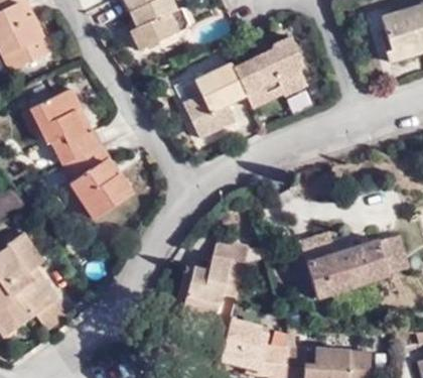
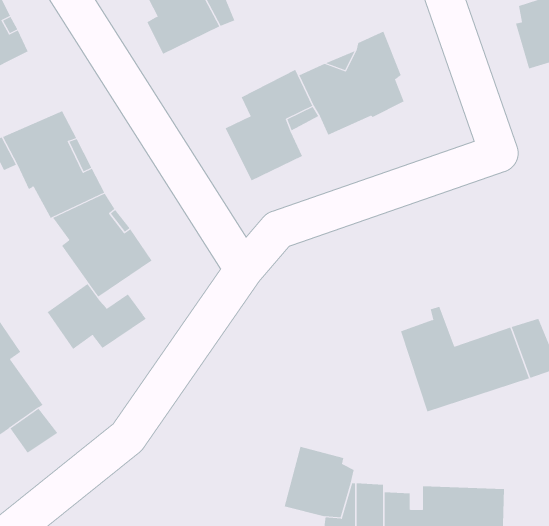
building: none -> [47,283,146,350]
building: [183,238,251,325] -> none

